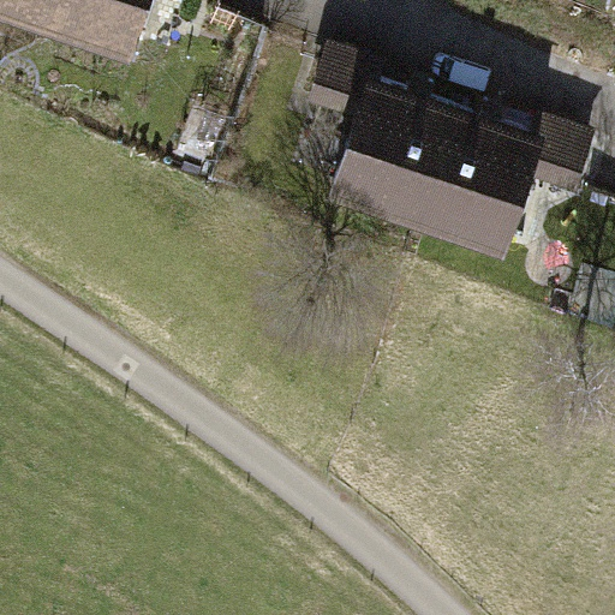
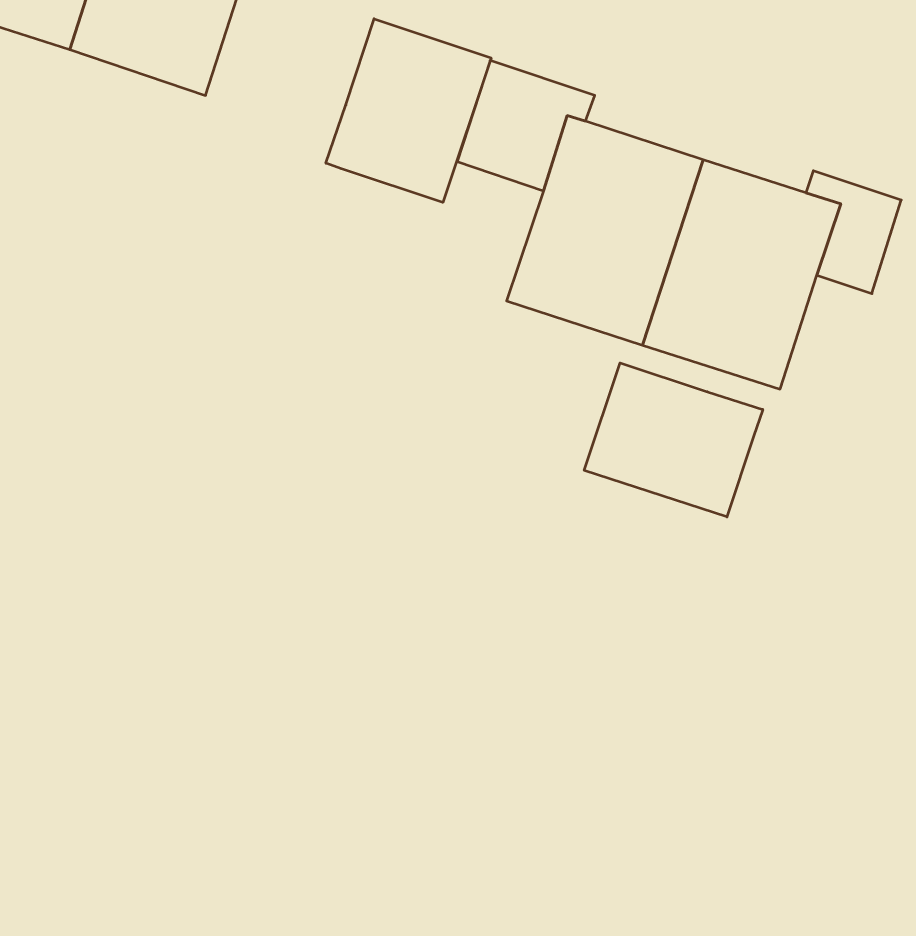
building: none -> [326,19,491,202]
building: none -> [584,363,763,517]

